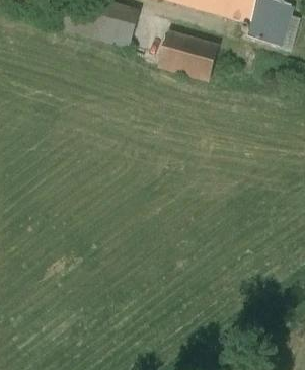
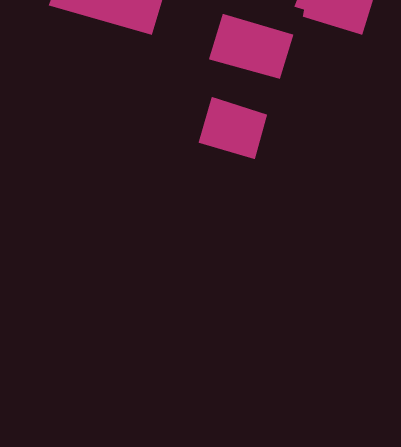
building: none -> [197,96,268,160]

